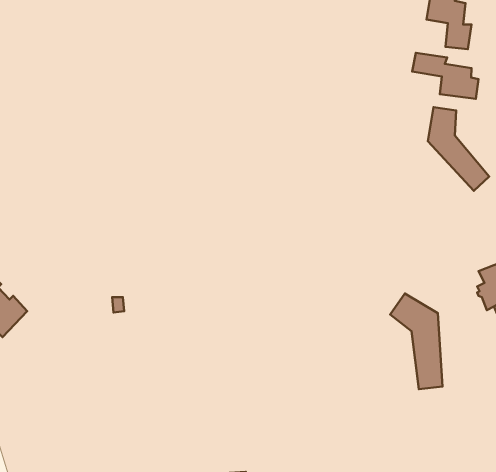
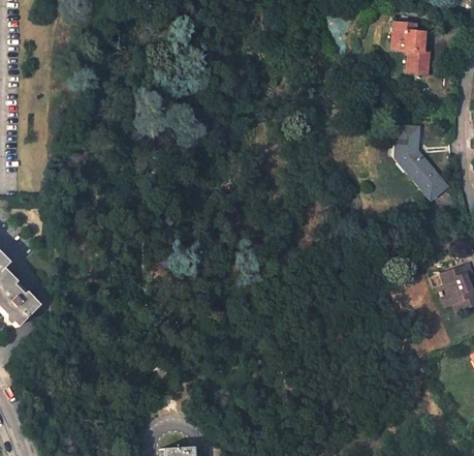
building: [412,53,479,99] -> none
building: [390,294,443,389] -> none

